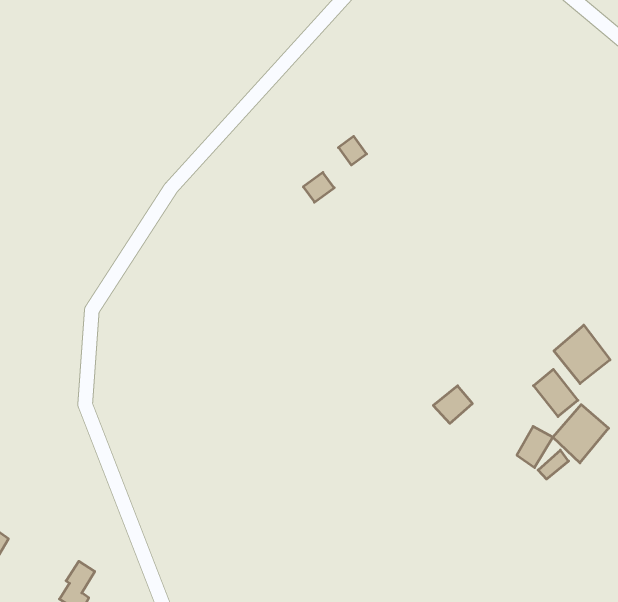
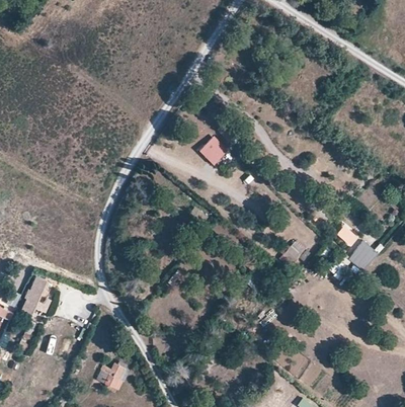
building: [554,325,610,384] -> none

